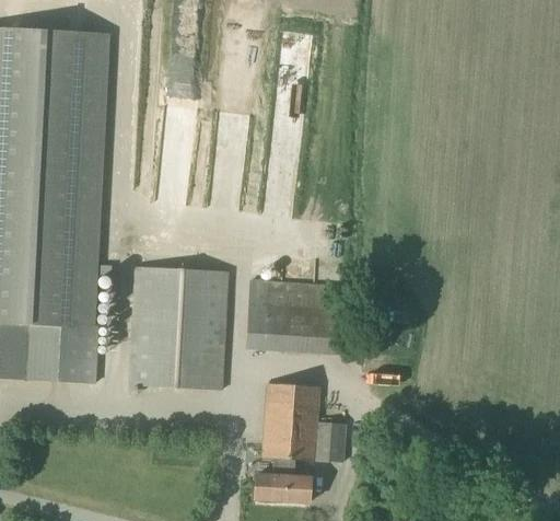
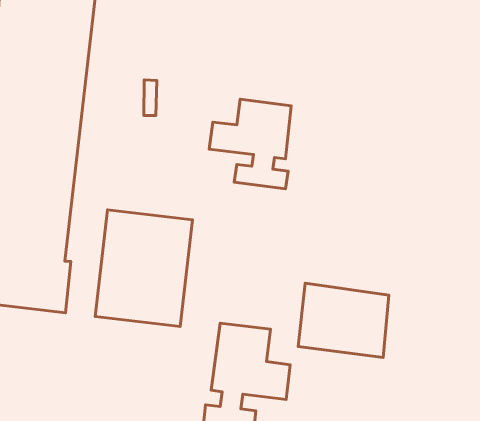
building: none -> [209,99,291,189]
building: [246,279,342,356] -> [298,283,389,358]

